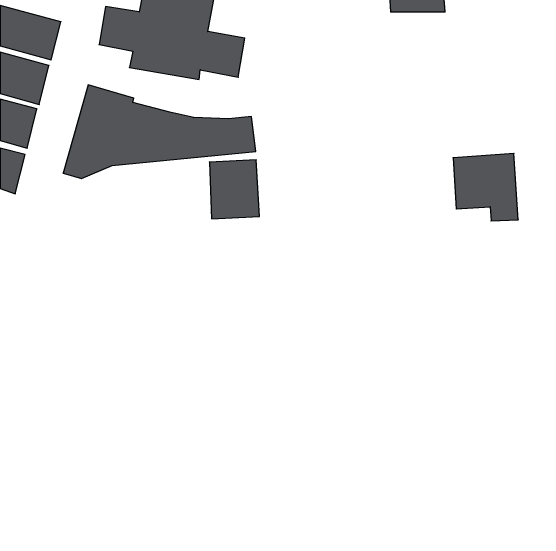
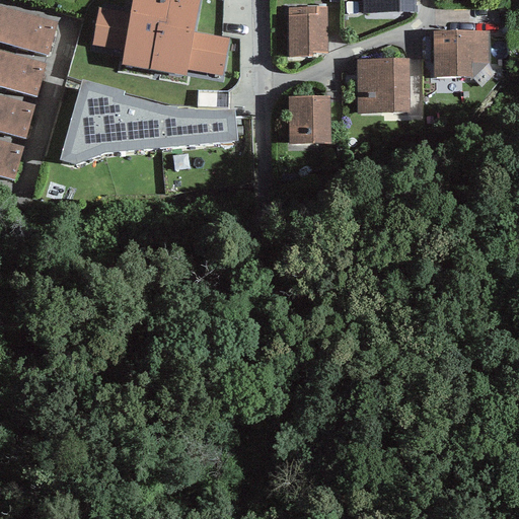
building: none -> [289,5,326,57]
building: none -> [434,31,491,83]
building: [453,153,518,221] -> [355,57,416,120]
building: [209,160,259,219] -> [285,95,331,150]

